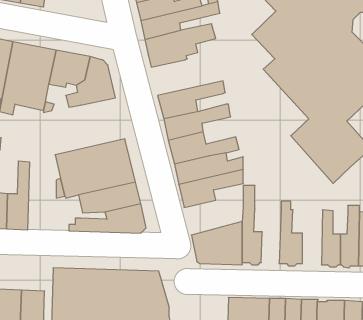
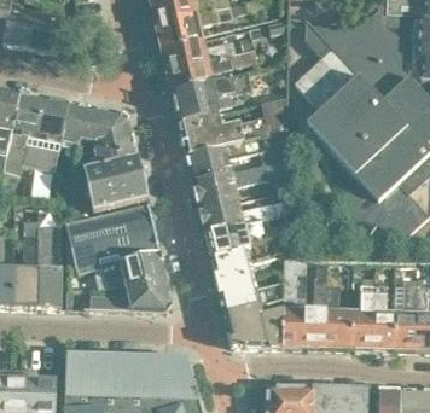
building: none -> [178,95,285,163]
building: none -> [83,156,146,209]
building: none -> [36,225,62,308]
building: none -> [303,261,326,348]
building: none -> [215,273,283,313]
building: none -> [350,284,373,349]

